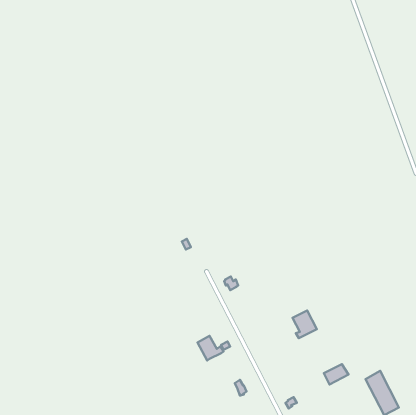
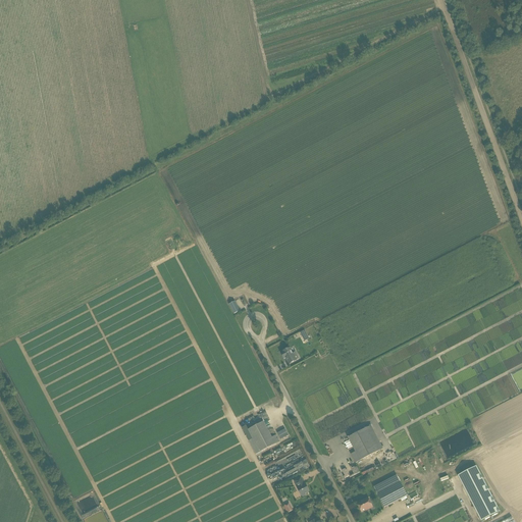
building: [292,310,317,338] -> [347,426,377,461]
building: [324,364,348,384] -> [376,480,407,506]

